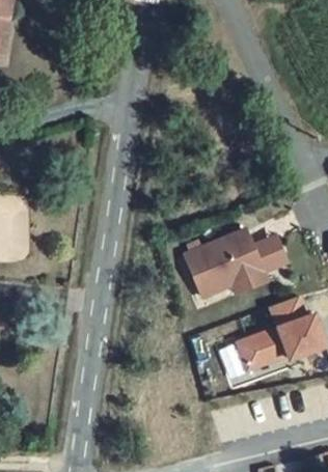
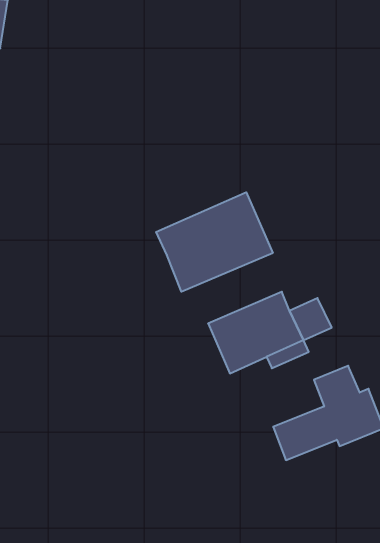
building: none -> [156,192,273,292]

